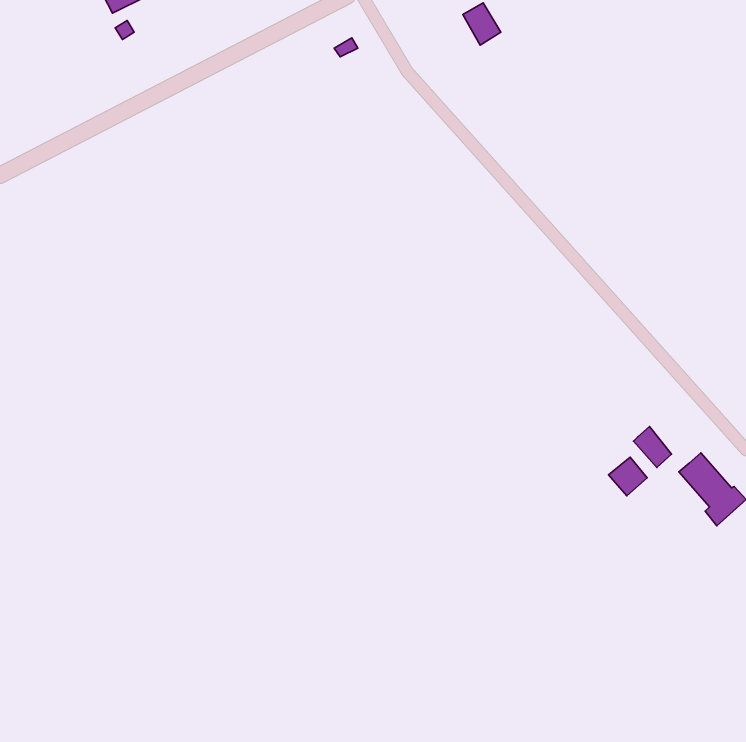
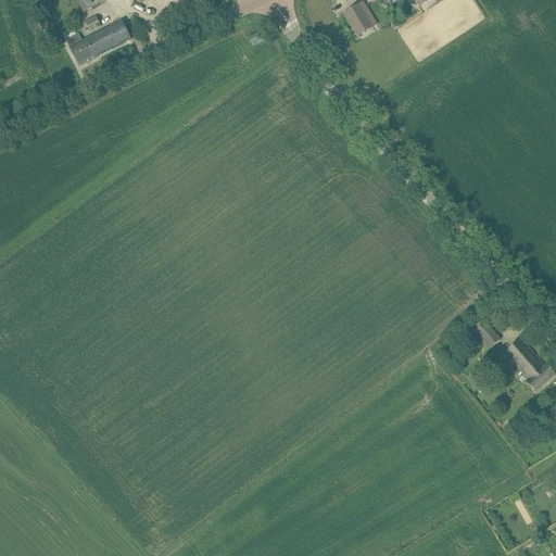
building: none -> [66,20,131,64]
building: [608,457,647,496] -> none

